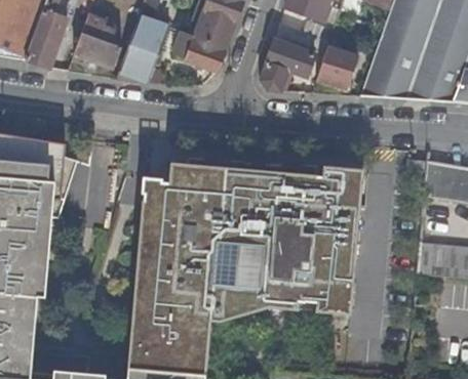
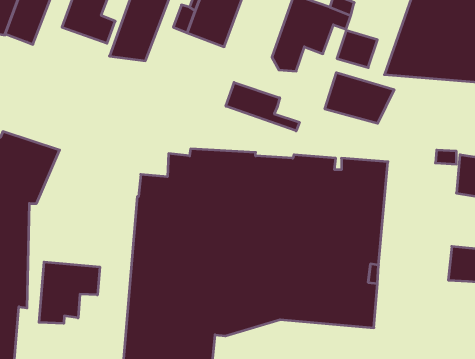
building: none -> [325,73,394,123]
building: none -> [226,82,299,131]
building: none -> [39,262,100,323]

